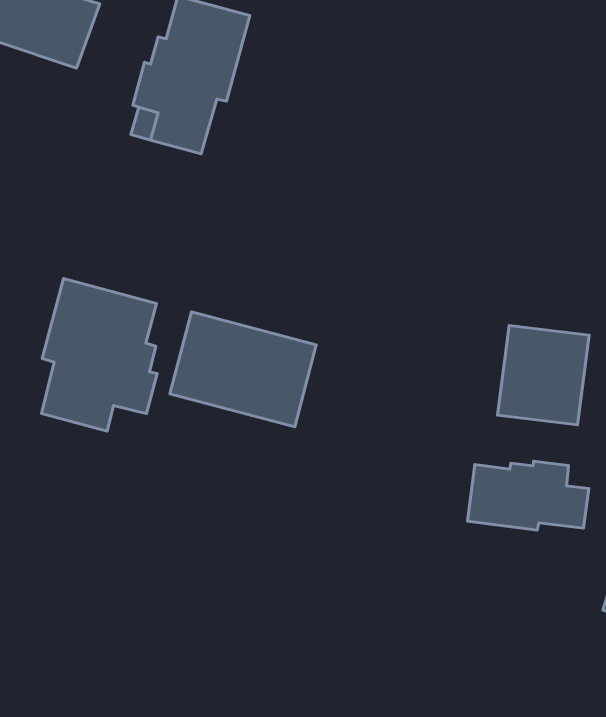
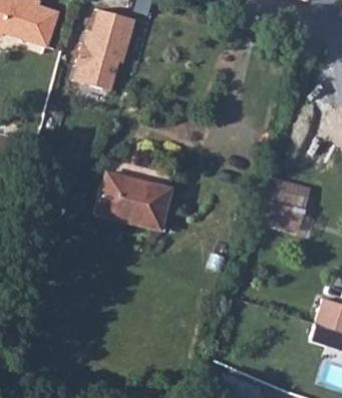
building: [42,278,157,431] -> none
building: [467,461,589,530] -> none

